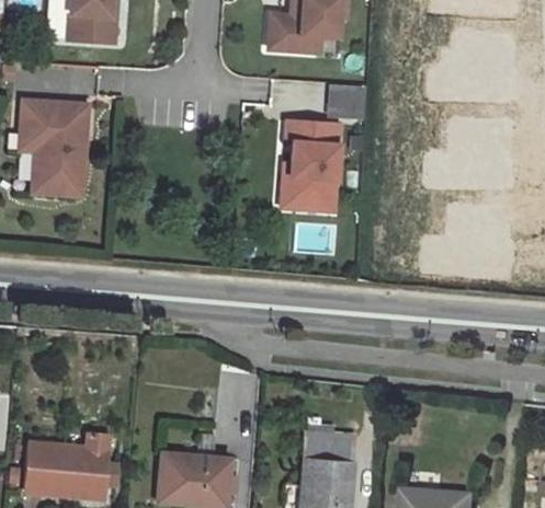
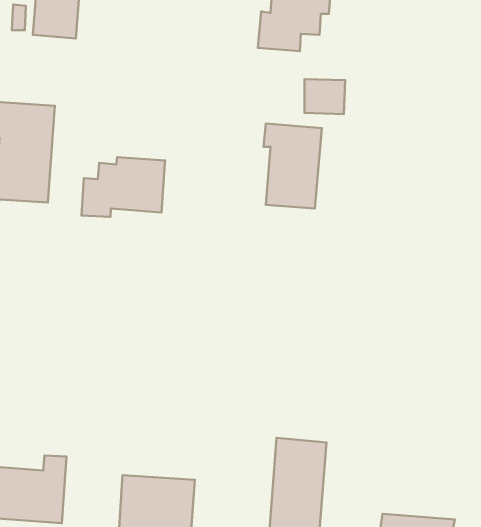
building: [283,145,337,213] -> none
building: none -> [81,157,165,217]

